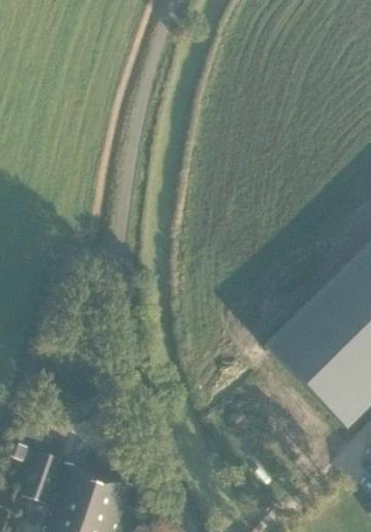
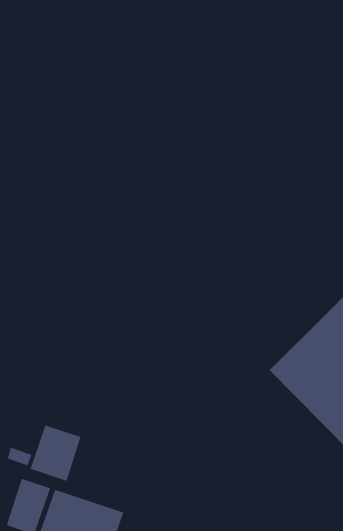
building: none -> [29,425,81,482]

